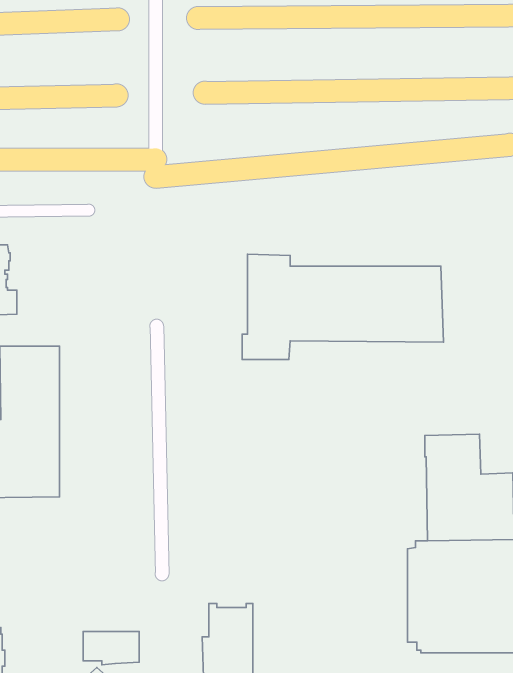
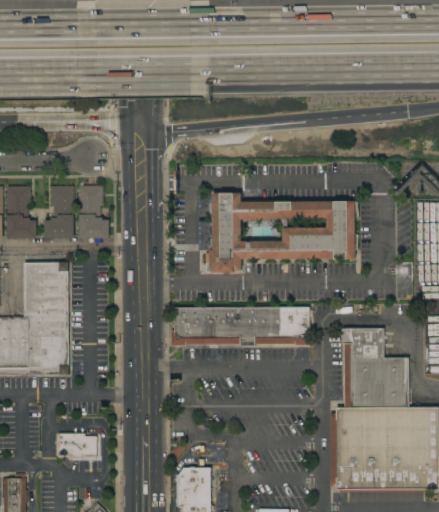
building: none -> [44,186,73,239]
building: none -> [79,186,109,239]
building: none -> [170,306,312,346]
building: [83,632,139,665] -> [57,434,99,459]

